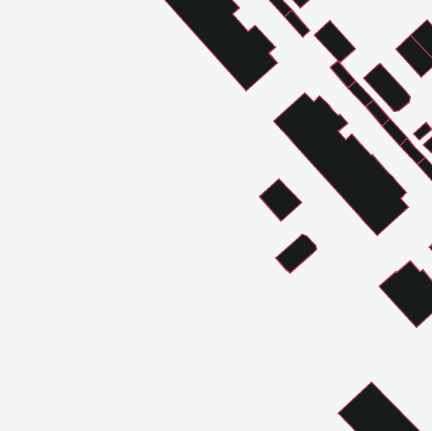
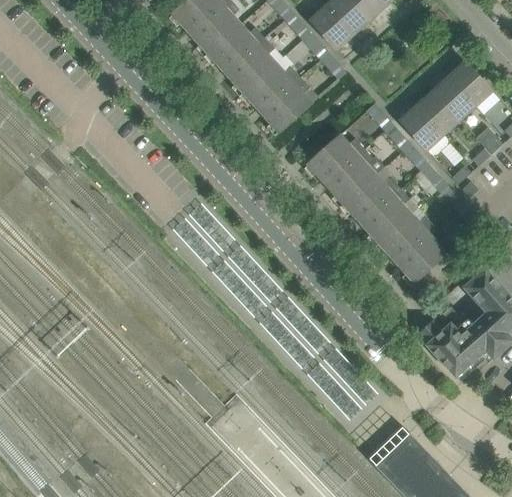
building: [314,20,355,62] -> [417,91,459,134]
building: [259,179,302,221] -> none
building: [276,234,316,273] -> none

